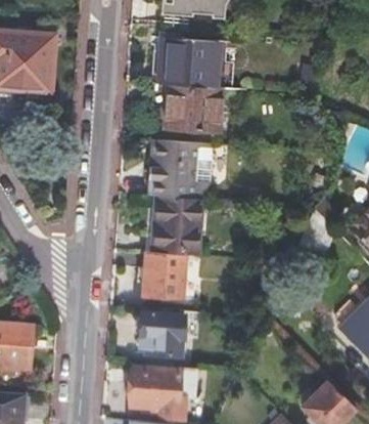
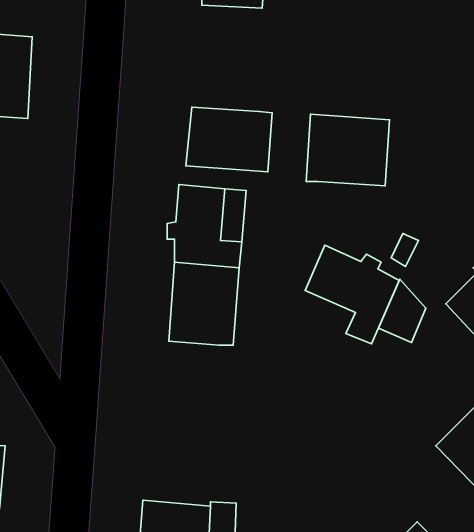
building: [158,36,218,87] -> [306,114,390,186]
building: none -> [305,245,399,344]
building: [141,250,186,297] -> none
building: [139,307,184,354] -> none

